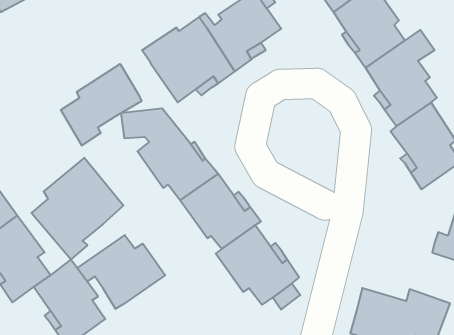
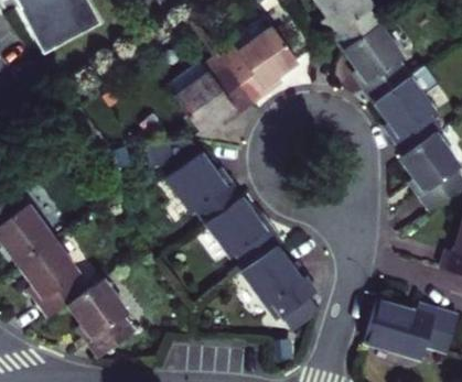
building: [61,64,142,146] -> none
building: [31,158,123,260] -> none
building: [77,235,165,309] -> none

